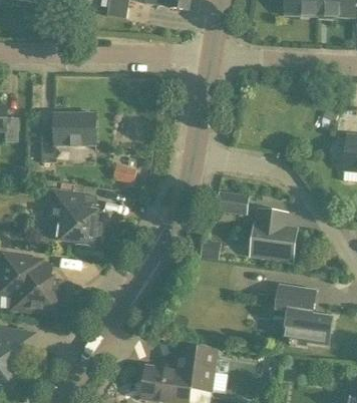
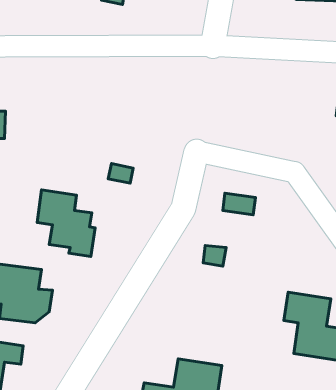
building: [41,112,95,162] -> none
building: [251,208,296,260] -> none

